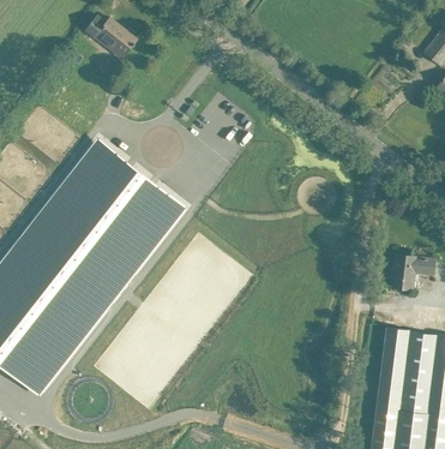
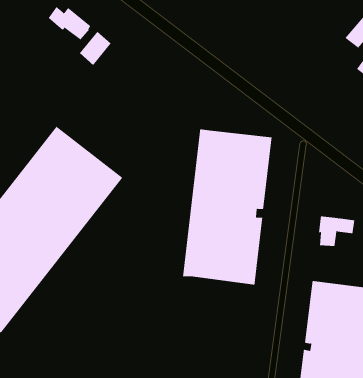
building: none -> [79,31,111,66]
building: none -> [182,128,272,285]

